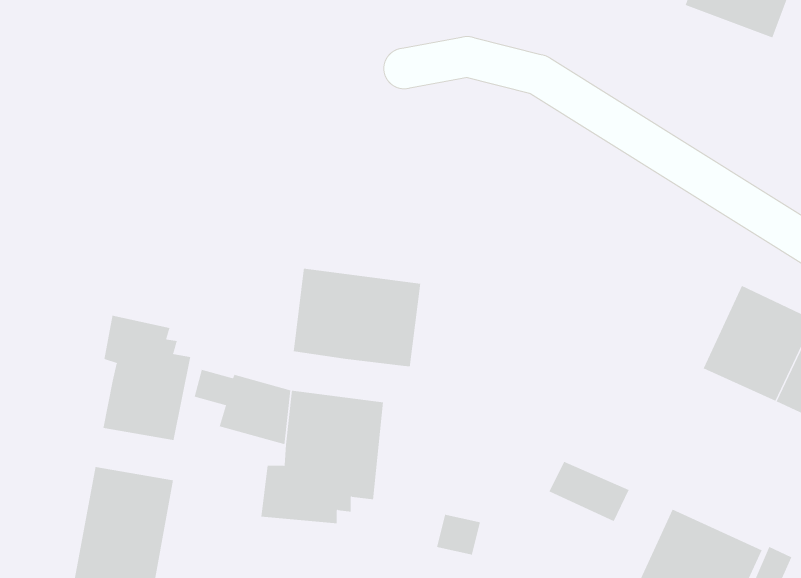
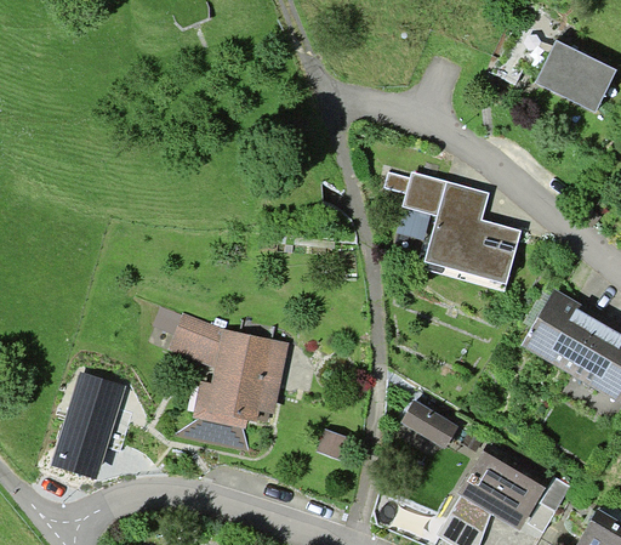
building: none -> [382,171,520,291]
building: [293,268,421,367] -> none
building: [103,315,191,441] -> none

